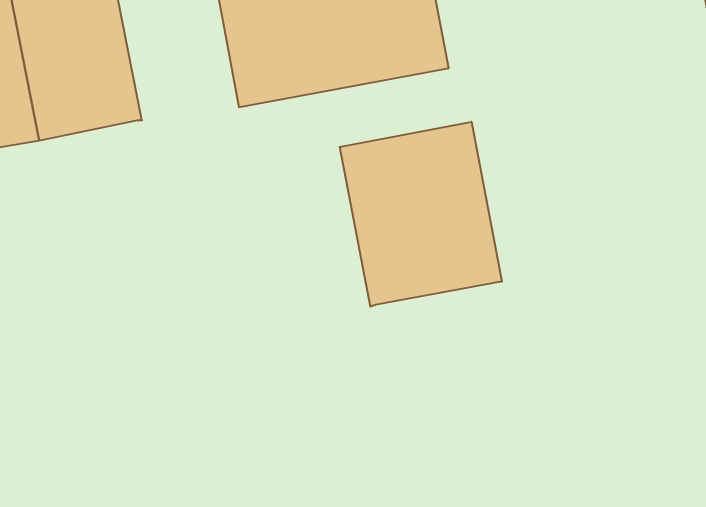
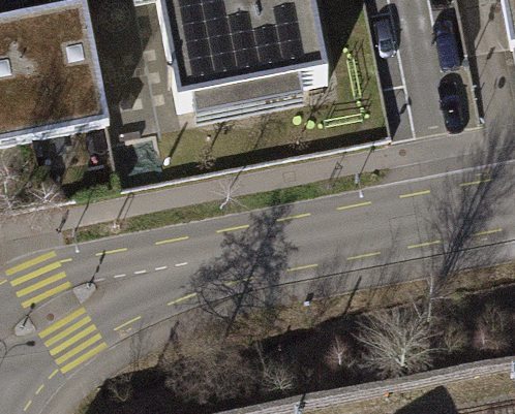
building: [340,122,502,307] -> none

